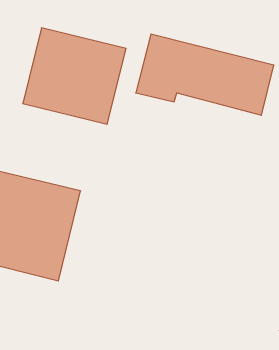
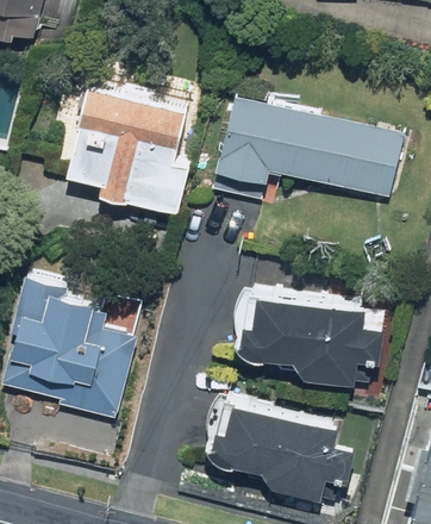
building: none -> [232,281,388,383]
building: none -> [200,395,358,501]

